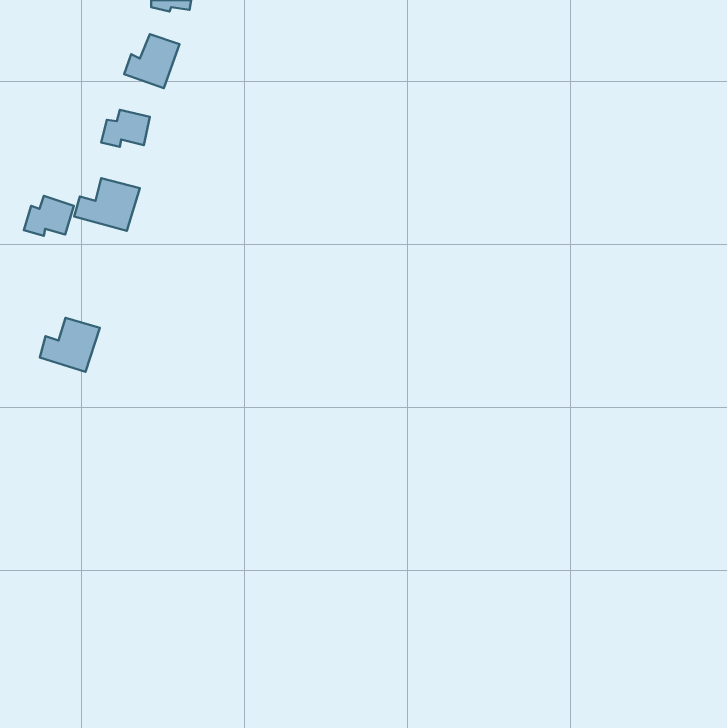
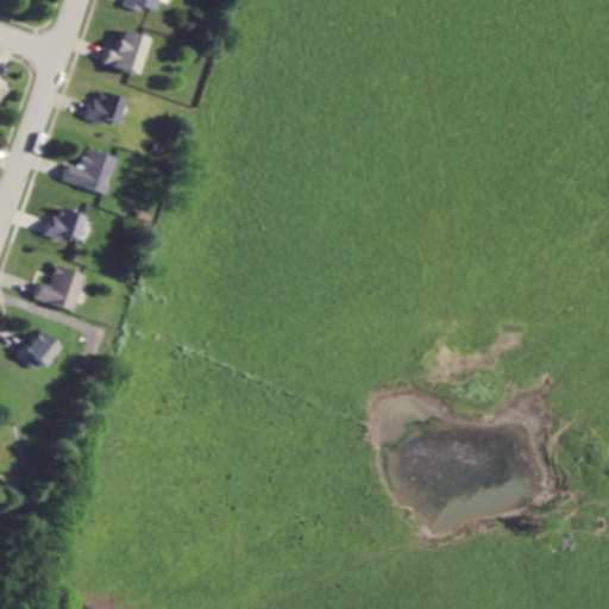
building: [24,196,74,236] -> [43,207,84,240]
building: none -> [19,331,57,371]

